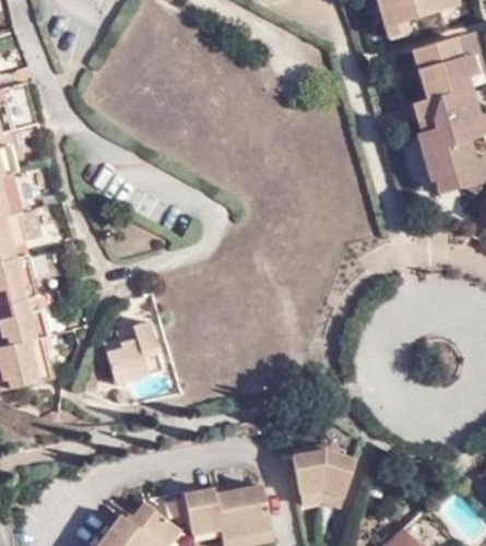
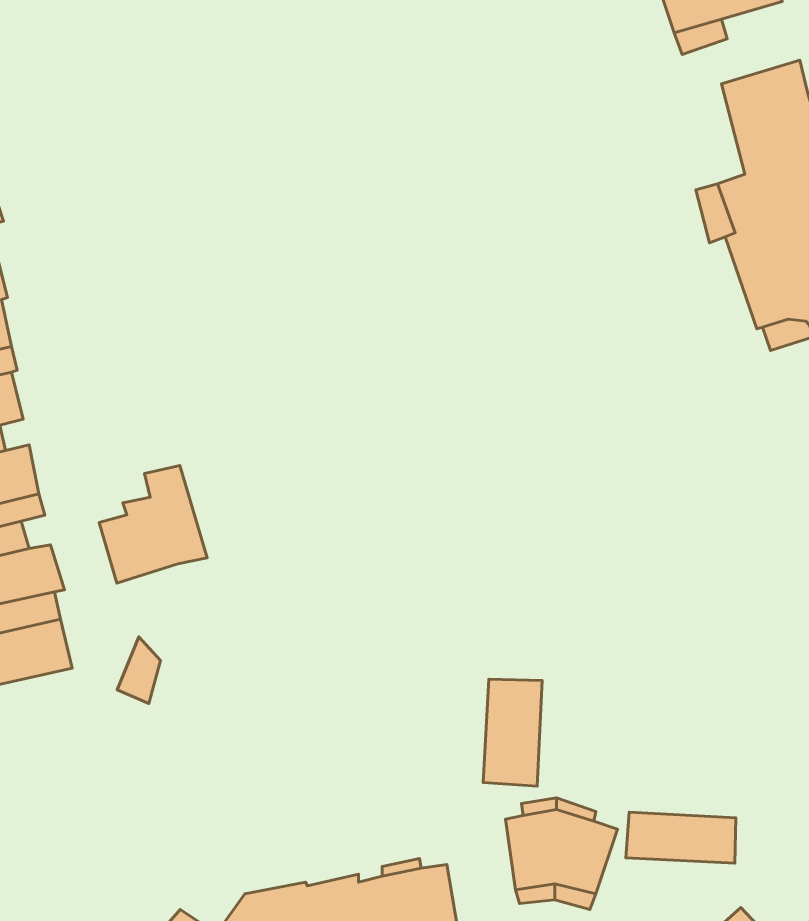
building: [107,321,167,387] -> [99,466,207,583]
building: none -> [483,679,542,786]
building: none -> [626,812,736,863]

